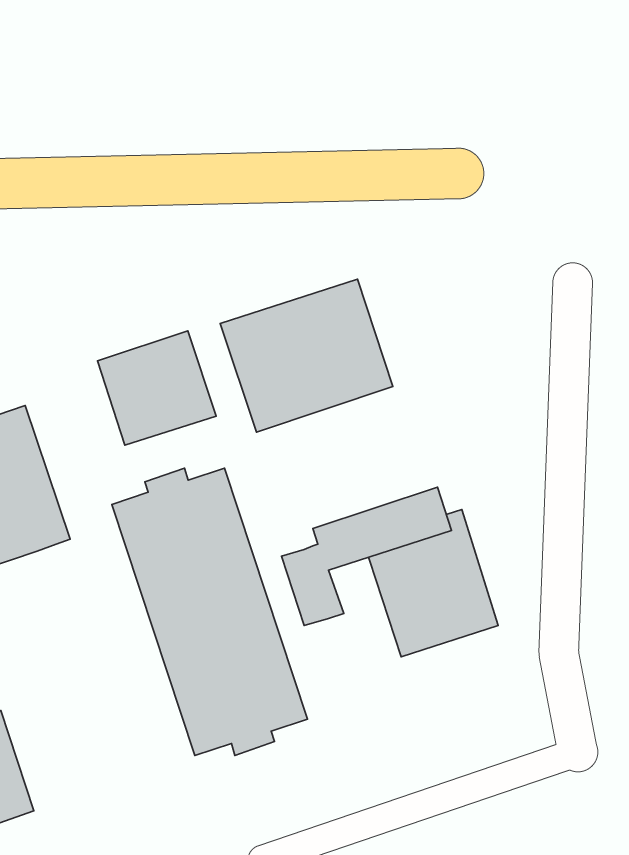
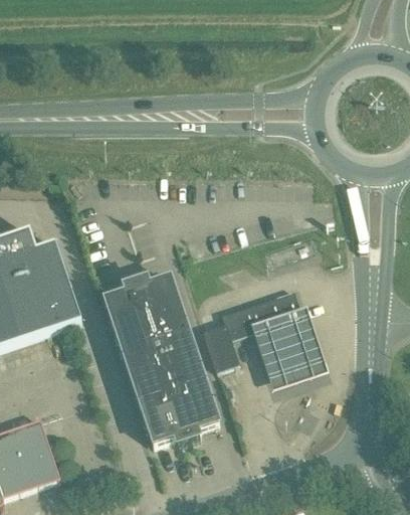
building: [220,279,393,432] -> none
building: [97,331,216,445] -> none

